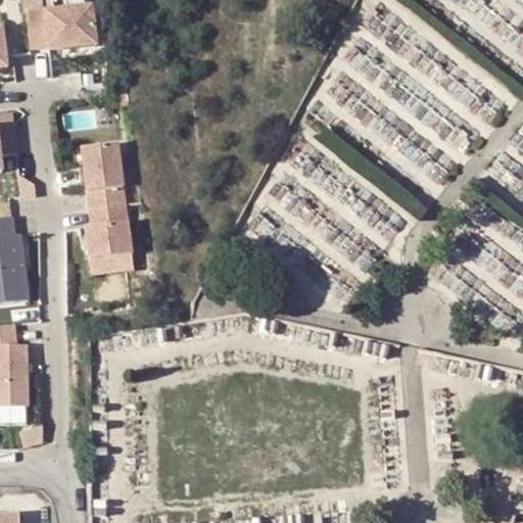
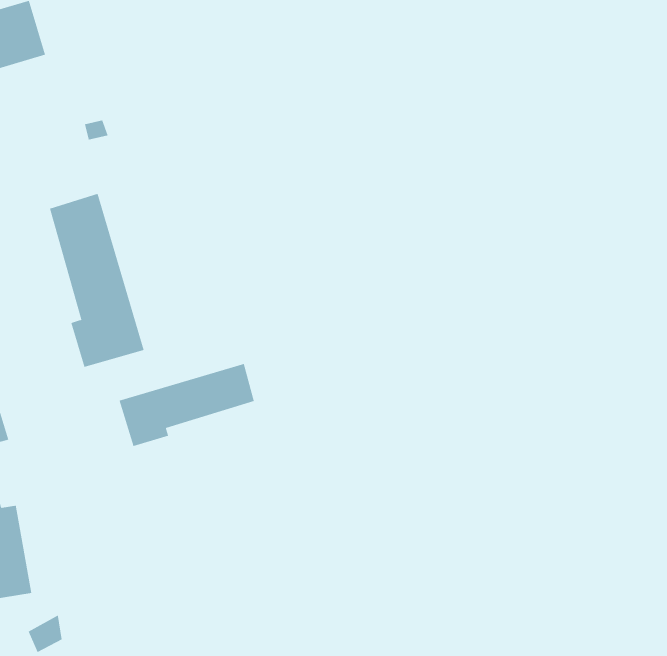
building: none -> [119,363,255,447]

